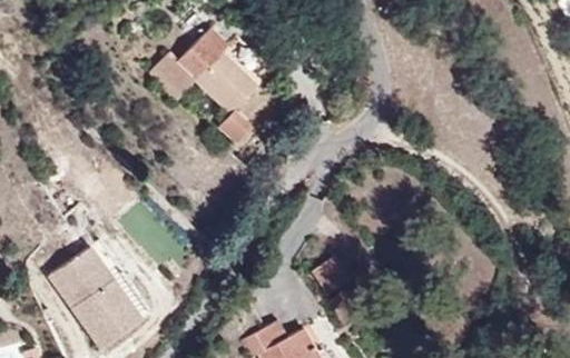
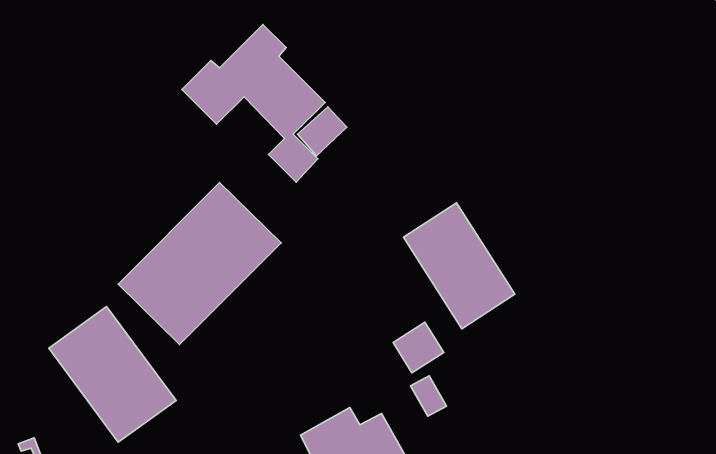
building: none -> [118,183,281,345]
building: none -> [404,203,515,329]

